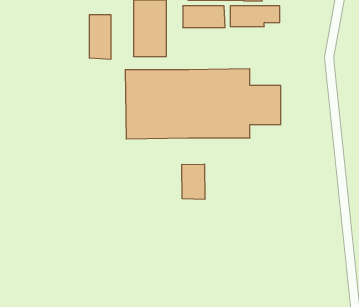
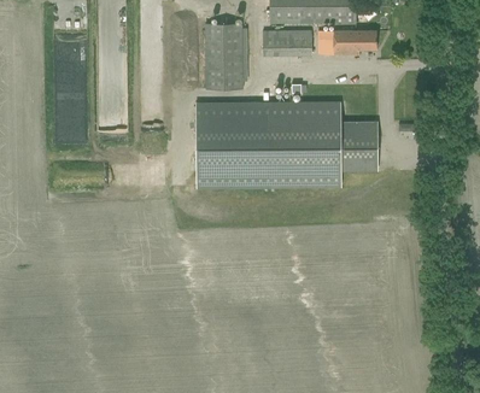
building: [89,15,111,59] -> none
building: [182,164,205,199] -> none

